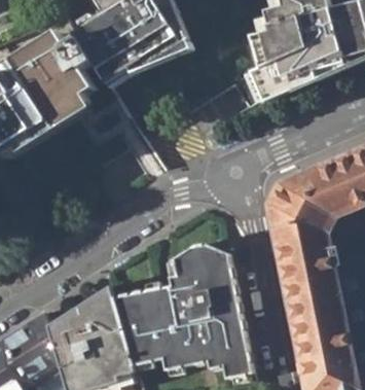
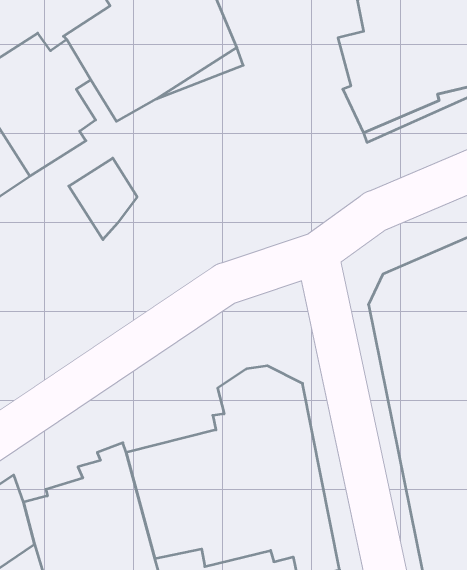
building: none -> [69,158,137,240]

